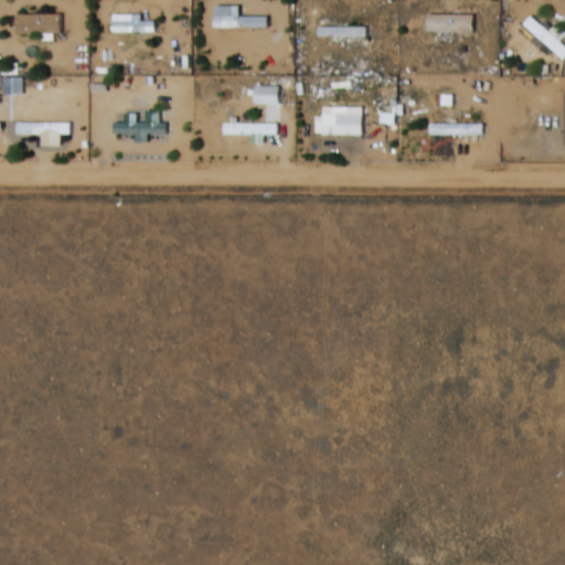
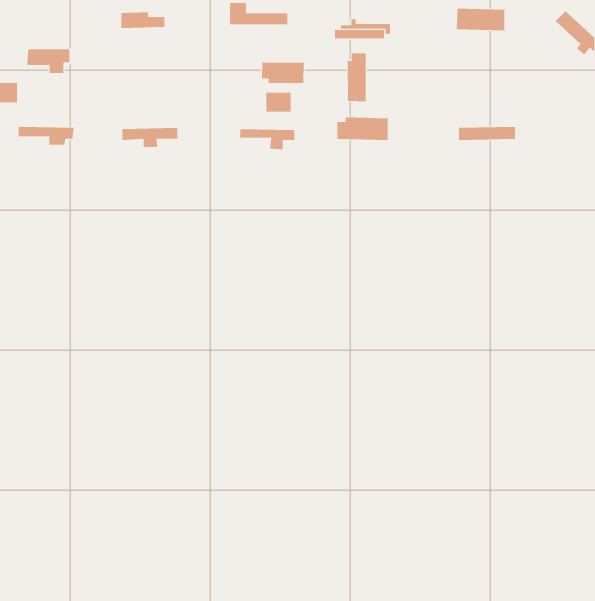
building: [18,15,58,39] -> [26,49,70,74]
building: none -> [347,52,366,102]
building: none -> [261,62,304,84]

